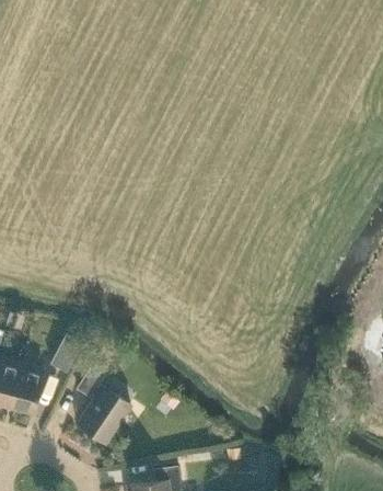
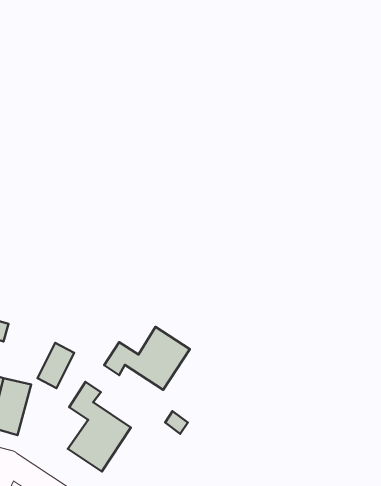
building: none -> [104,327,190,390]

